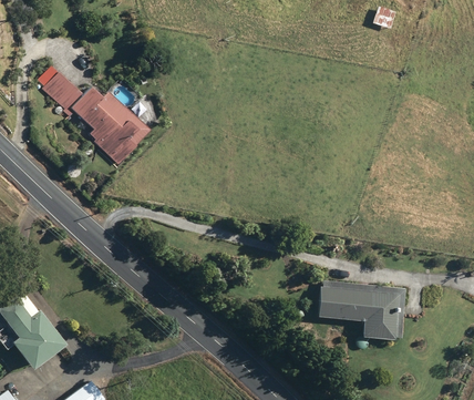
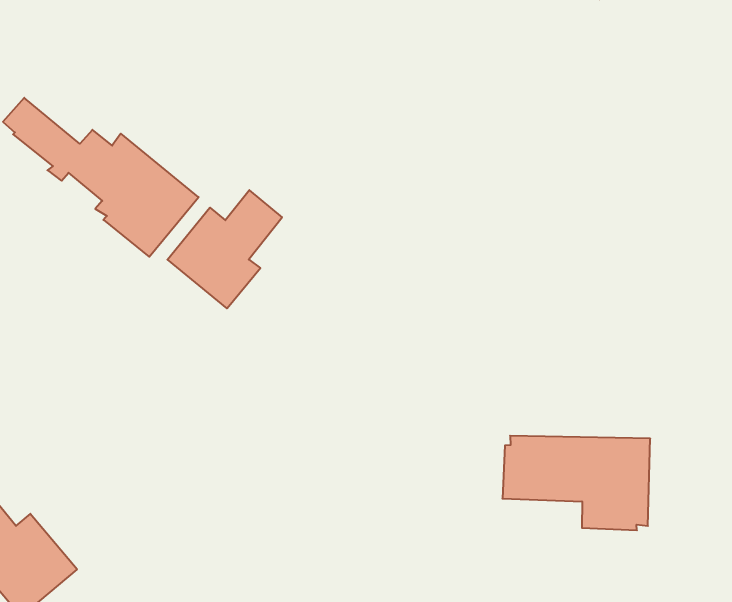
building: none -> [167,190,282,308]

